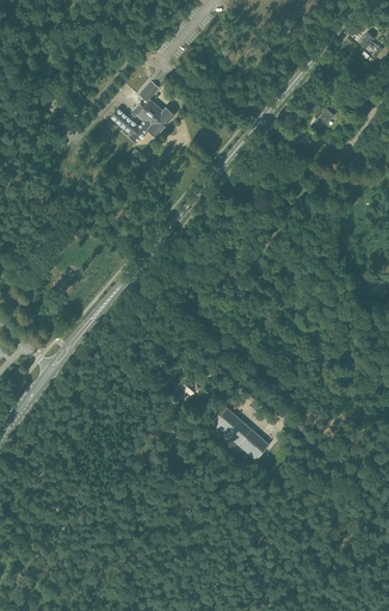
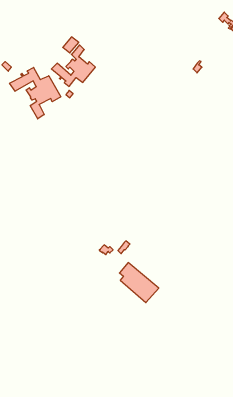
building: none -> [10,67,61,119]

